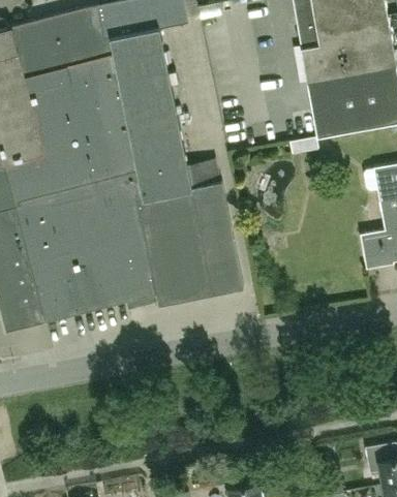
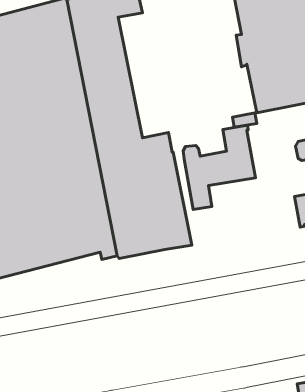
building: none -> [183,125,256,209]

